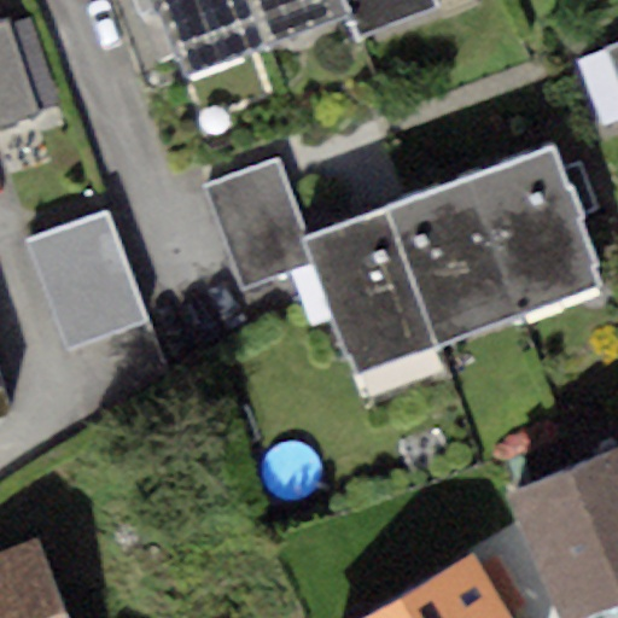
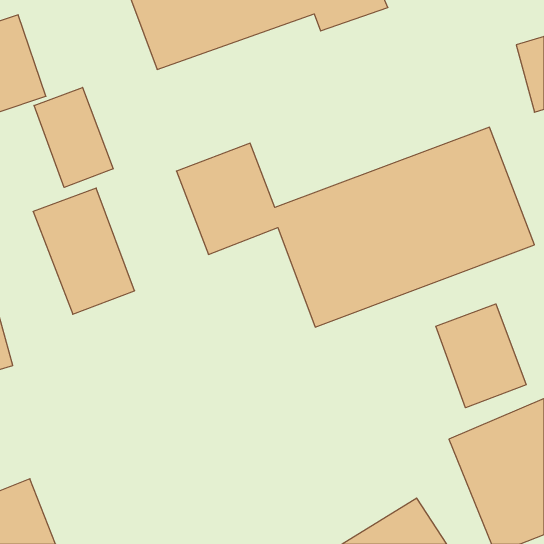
building: none -> [34,87,113,187]
building: none -> [436,304,526,408]

